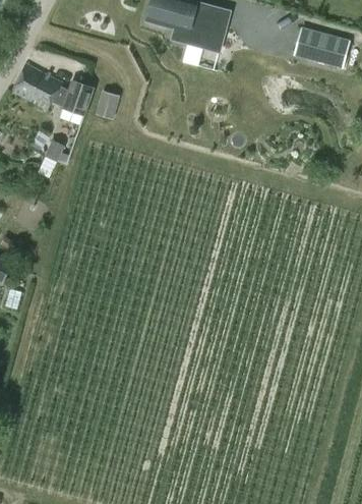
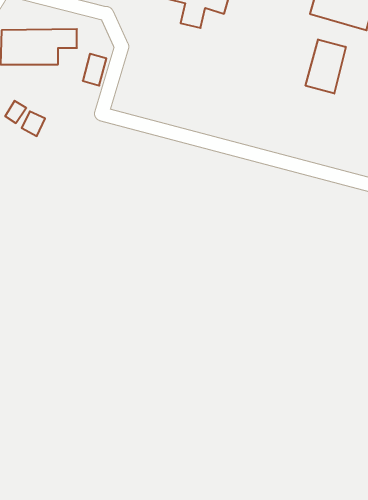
building: none -> [306,39,346,94]

